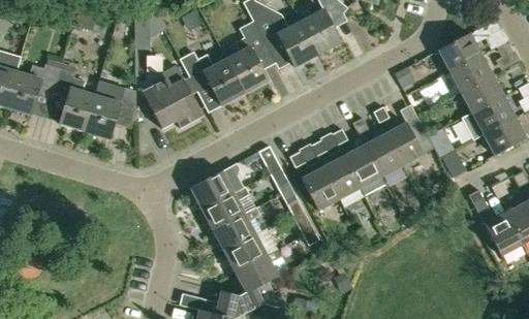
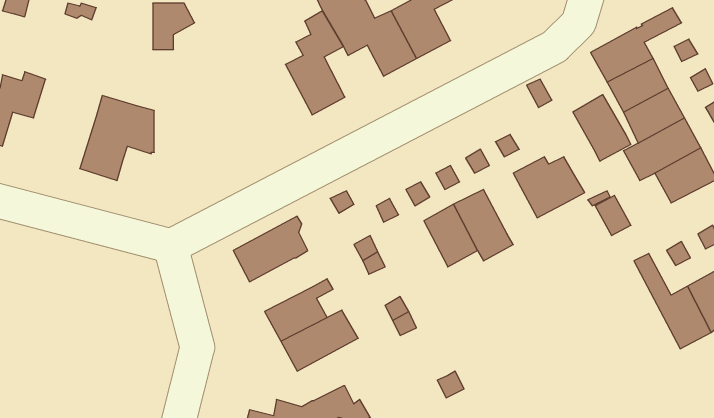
building: [180,52,245,105] -> none
building: [146,67,198,128] -> none
building: [52,68,95,130] -> none
building: none -> [573,95,631,161]
building: [364,133,401,176] -> none
building: [301,166,339,210] -> none
building: [201,186,248,229] -> none
building: [235,248,281,291] -> none

